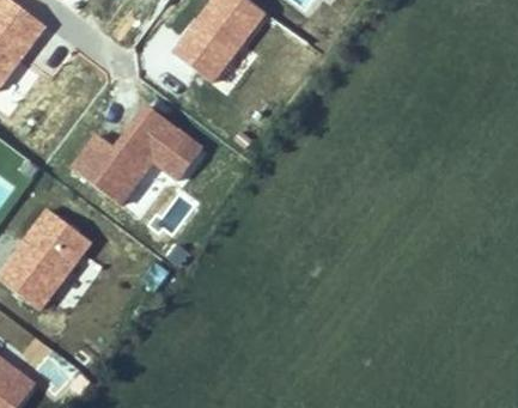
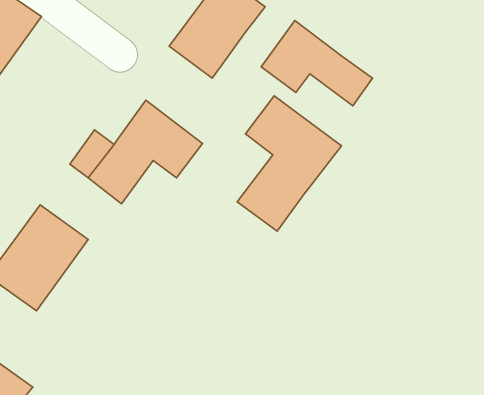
building: none -> [261,20,372,106]
building: none -> [237,96,342,231]

